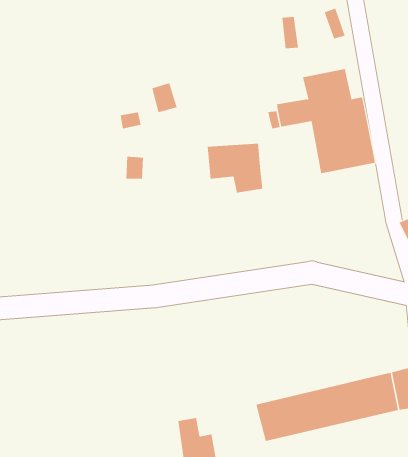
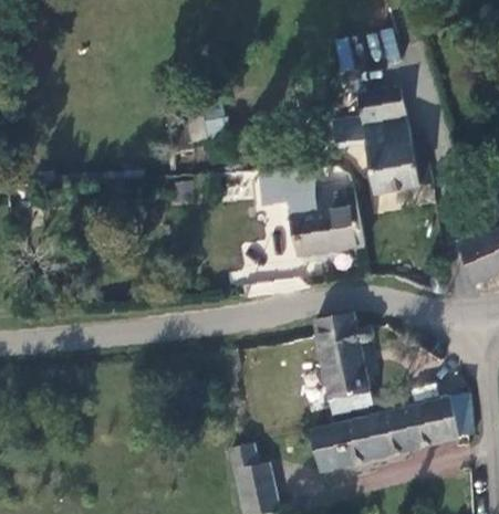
building: none -> [290,183,363,256]
building: none -> [312,313,371,417]

